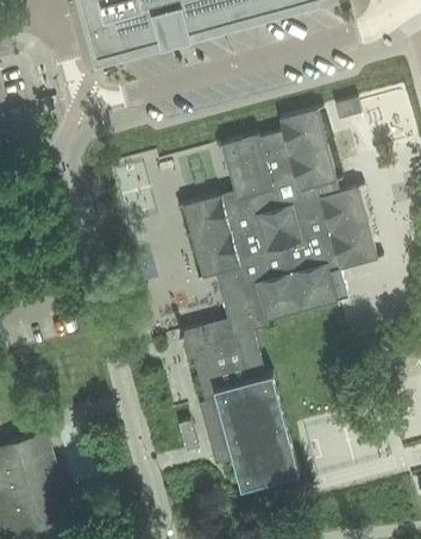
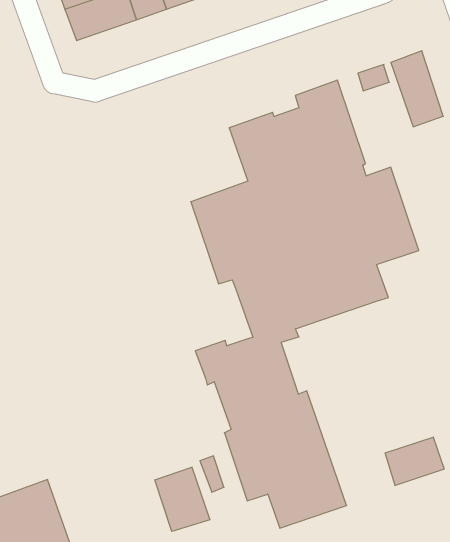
building: none -> [385,437,444,486]
building: none -> [155,467,210,531]

